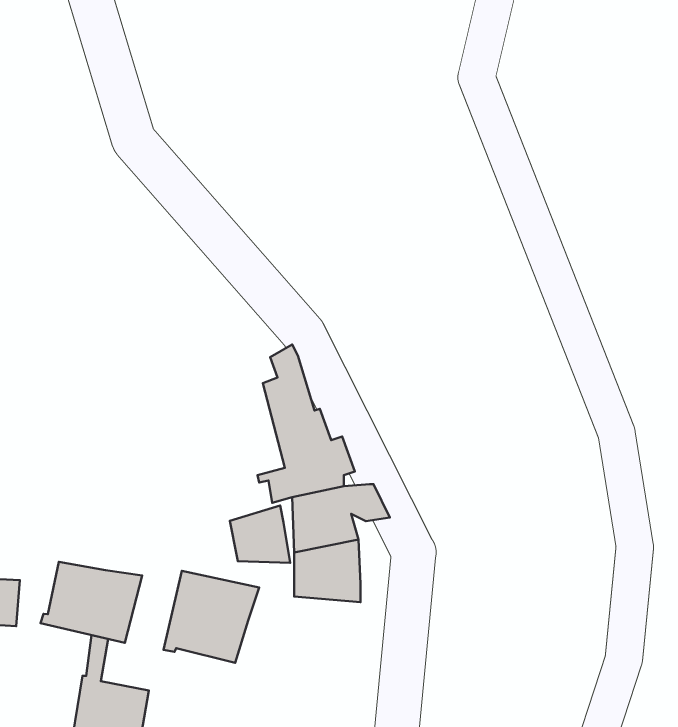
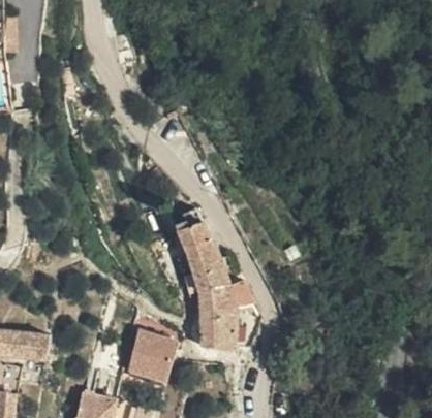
building: [230,506,290,563] -> none
building: [41,562,142,643] -> none

